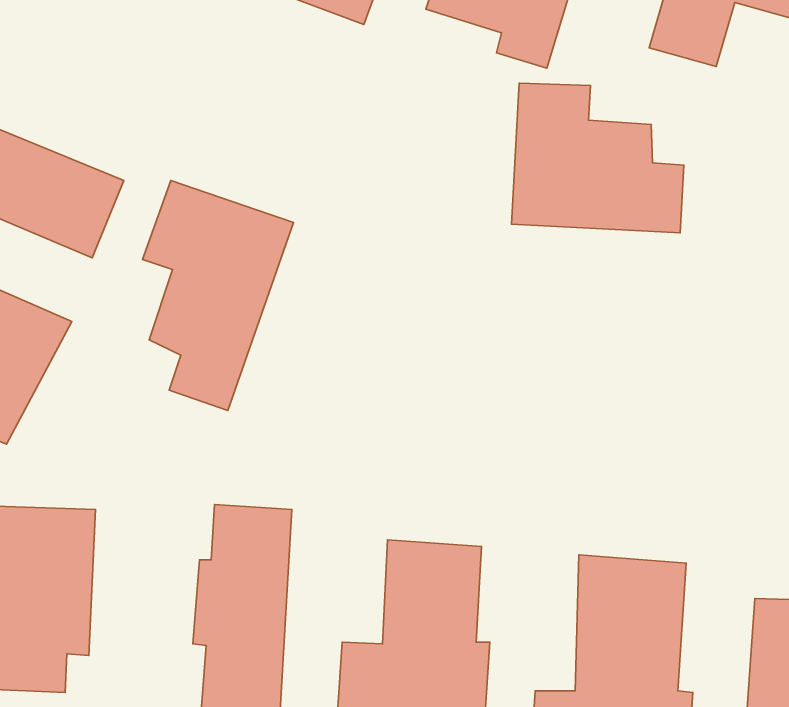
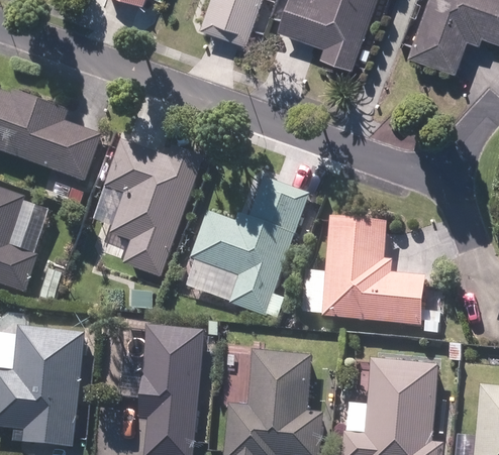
building: [512,83,684,233] -> none
building: none -> [188,182,303,311]
building: none -> [325,217,418,321]

